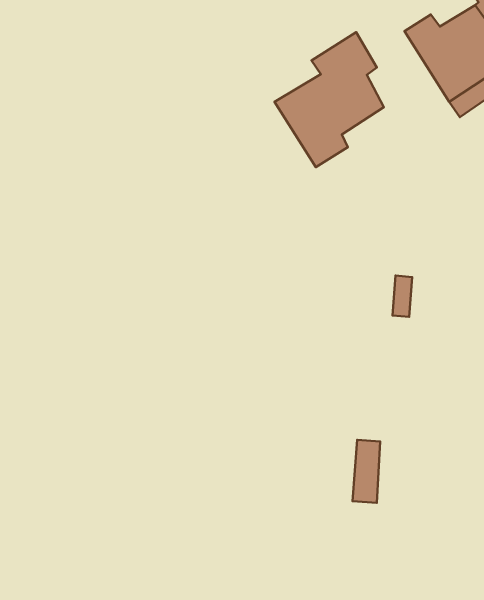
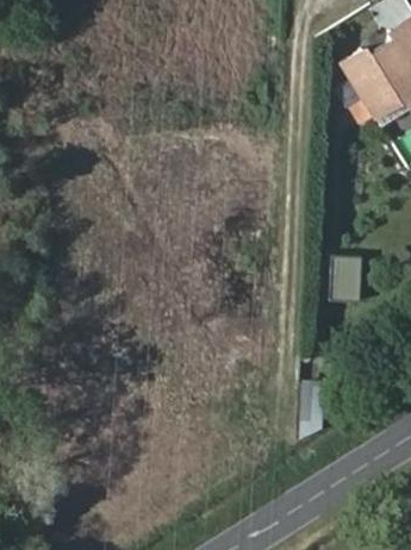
building: [275,32,384,167] -> none

